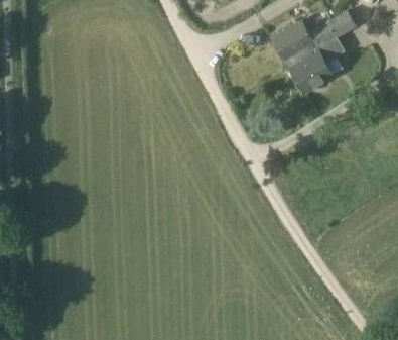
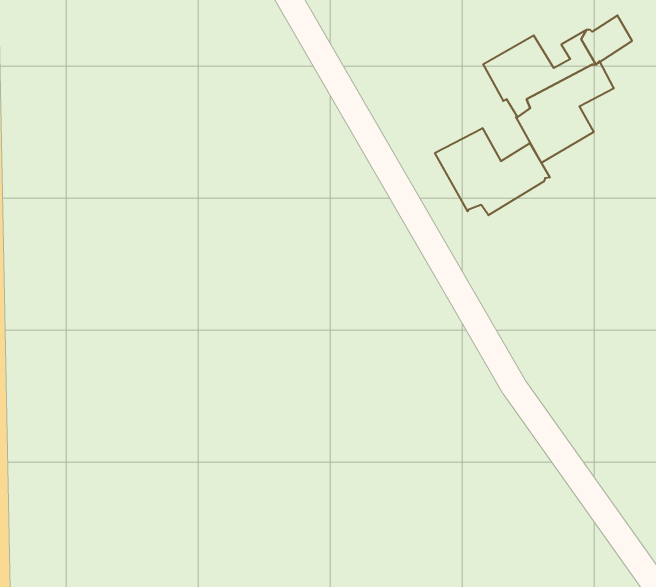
building: none -> [435,128,550,215]

